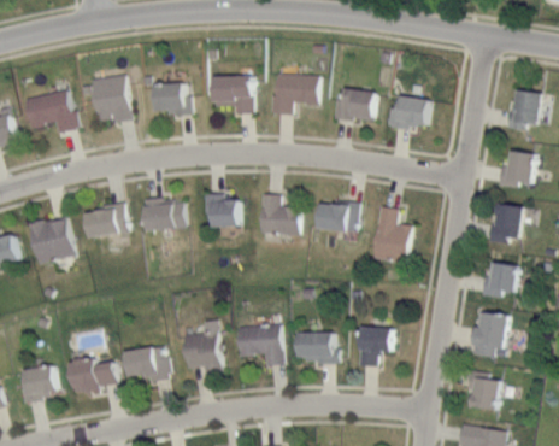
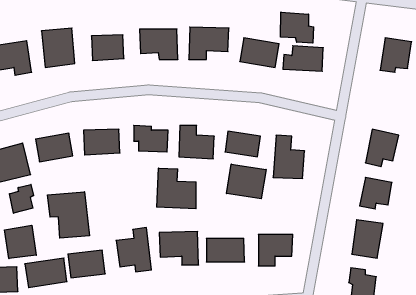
building: none -> [281,12,314,43]
building: [494,149,534,187] -> none
building: none -> [227,164,266,199]
building: none -> [157,168,196,209]
building: none -> [9,184,34,213]
building: none -> [48,192,89,238]
building: none -> [5,225,36,259]

